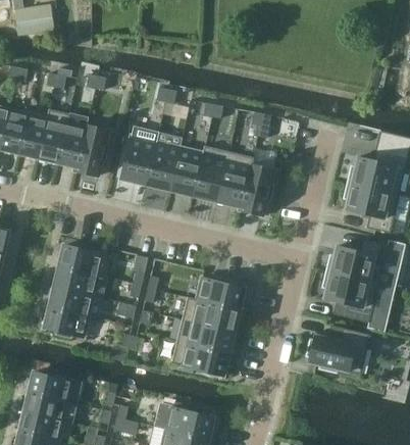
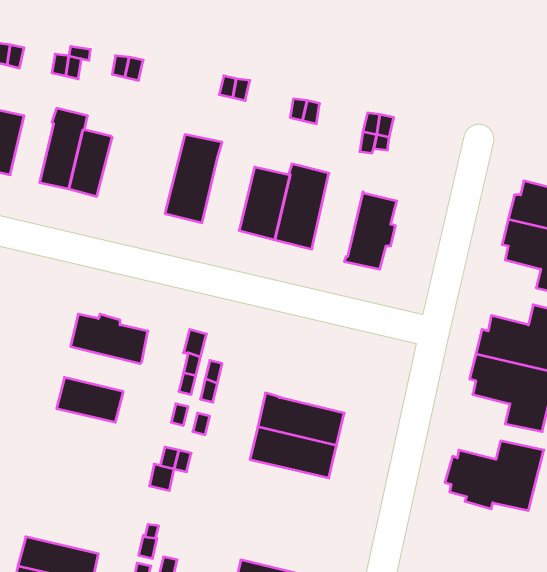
building: [18,114,47,158] -> none
building: [74,126,108,177] -> none
building: [145,142,180,190] -> none
building: [217,152,253,207] -> none
building: [54,266,107,299] -> none
building: [196,279,244,310] -> none
building: [44,307,88,338] -> none
building: [171,341,228,376] -> none
building: [29,373,78,403] -> none

